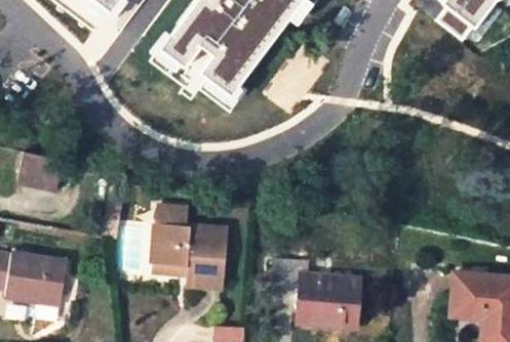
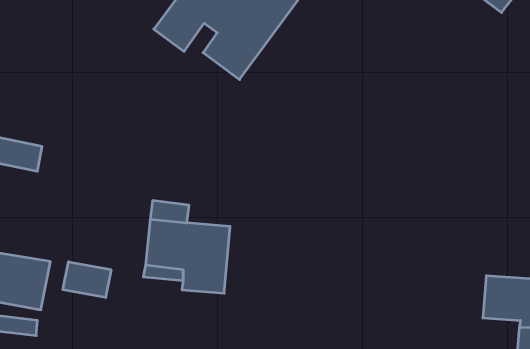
building: [270,256,357,326] -> none
building: none -> [63,262,111,298]

